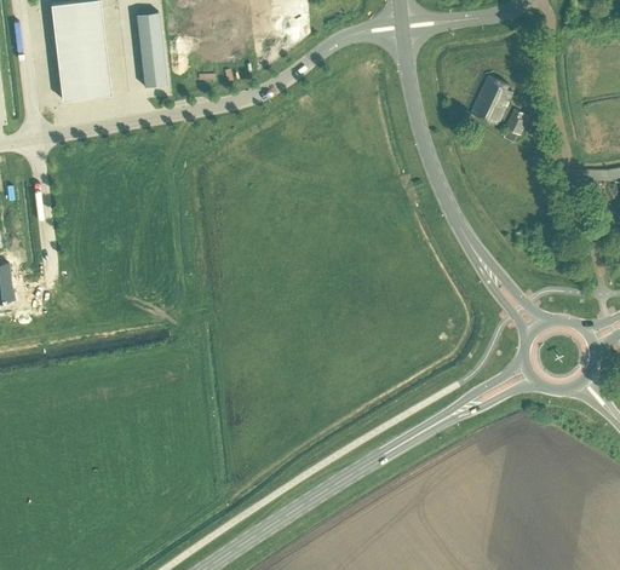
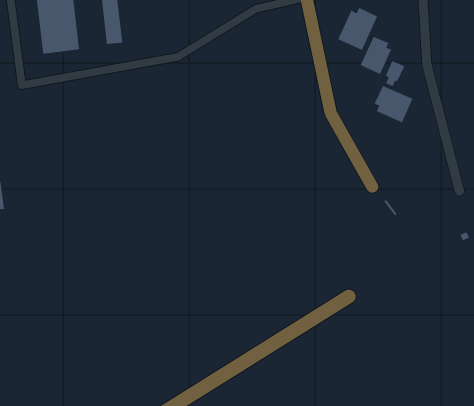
building: none -> [337,7,378,51]
building: none -> [374,85,413,123]

